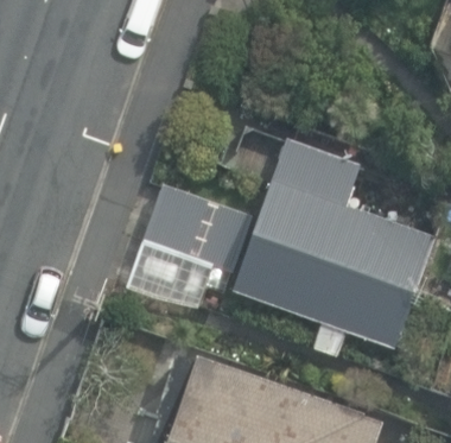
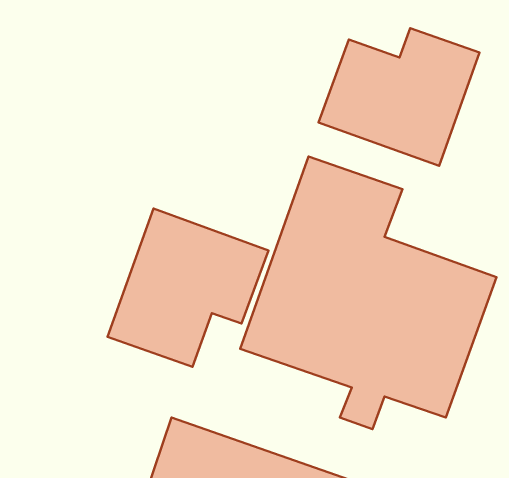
building: none -> [318,28,479,166]

